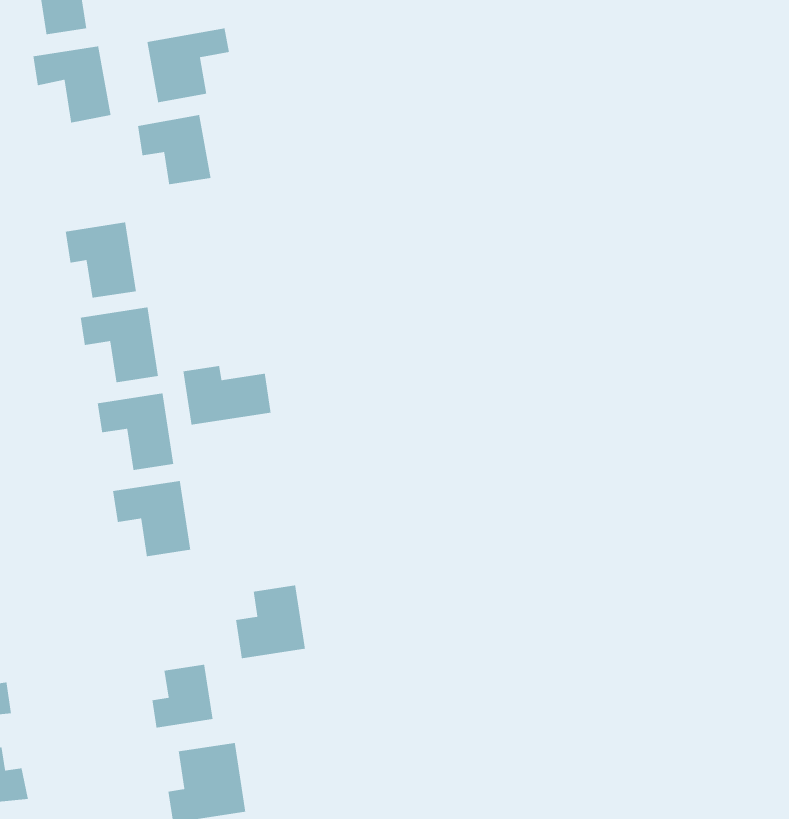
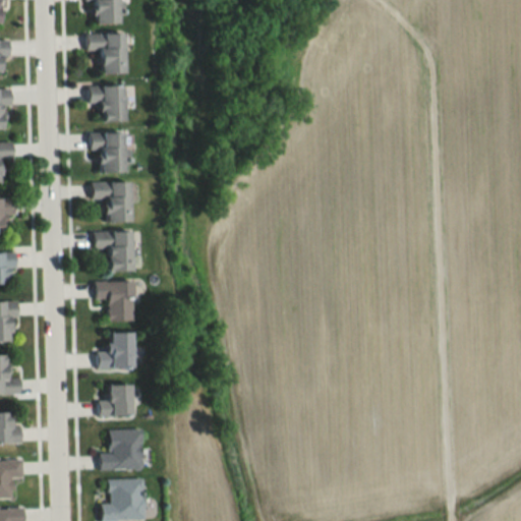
building: [147,27,230,103] -> none
building: [137,114,212,185] -> [90,85,126,122]
building: [183,365,272,425] -> none
building: [235,585,306,659] -> [97,333,133,369]

